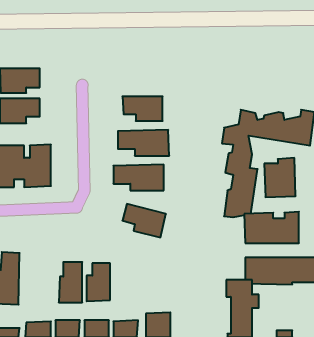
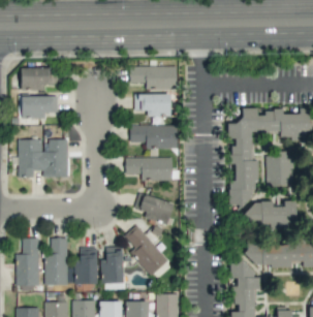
building: none -> [130,66,178,90]
building: none -> [124,225,168,275]
building: none -> [46,237,68,285]

